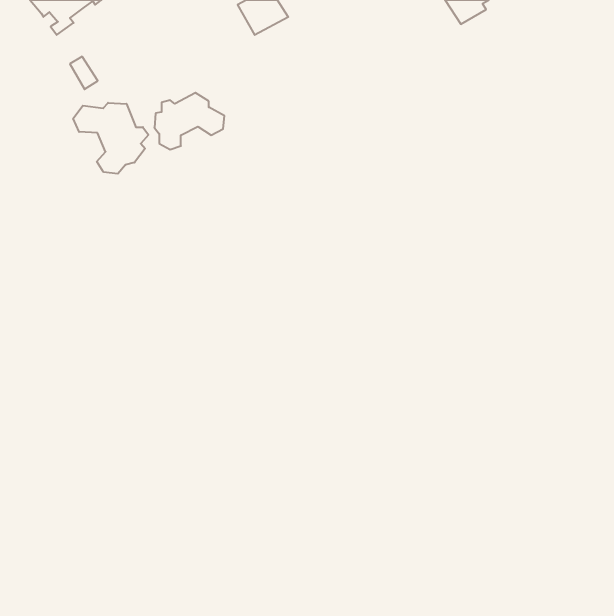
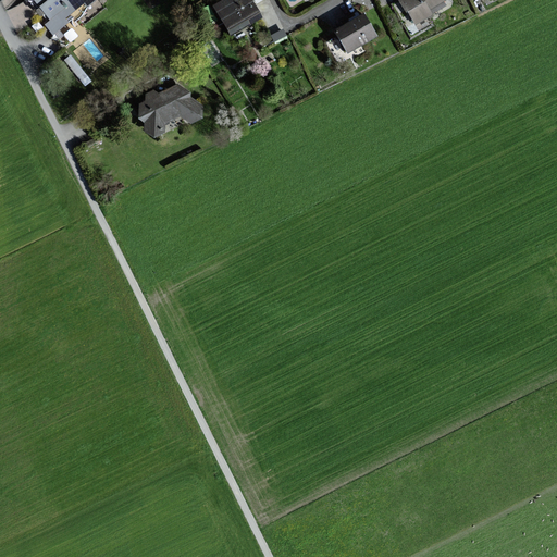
building: none -> [336,13,375,51]
building: [73,103,148,174] -> none

